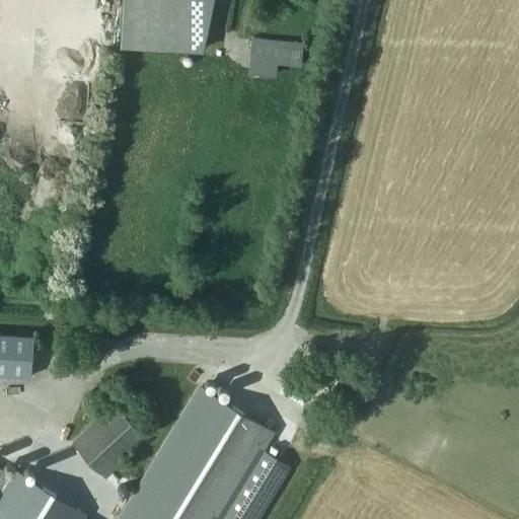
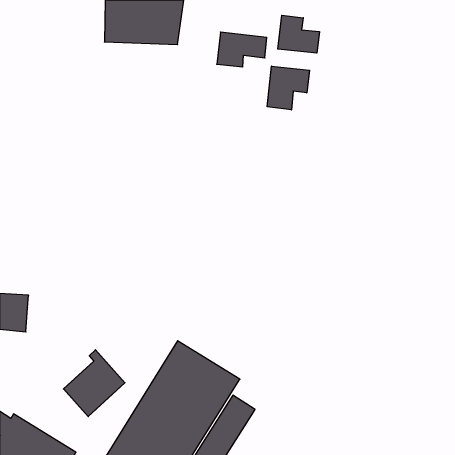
building: none -> [278,15,319,53]
building: none -> [267,66,309,110]

